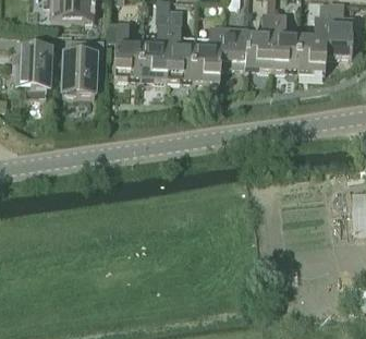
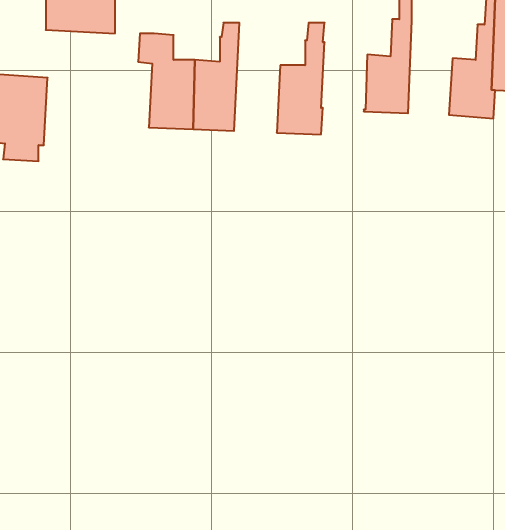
building: [166,8,194,82] -> none
building: [272,13,300,71] -> none
building: [219,26,248,68] -> none
building: [61,37,103,96] -> none

